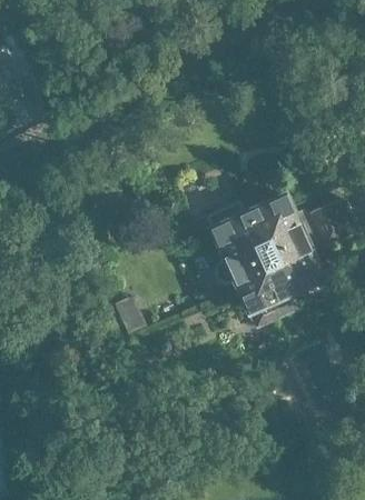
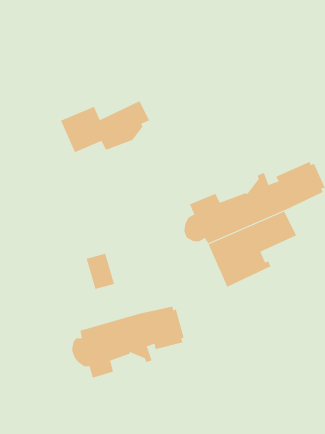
building: [204,193,294,246] -> [60,101,150,153]
building: none -> [72,306,184,379]

